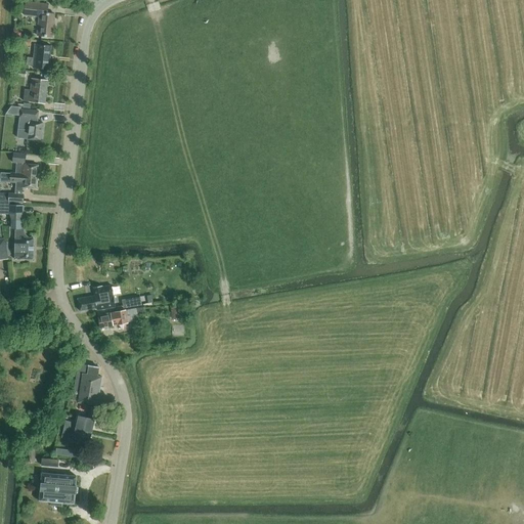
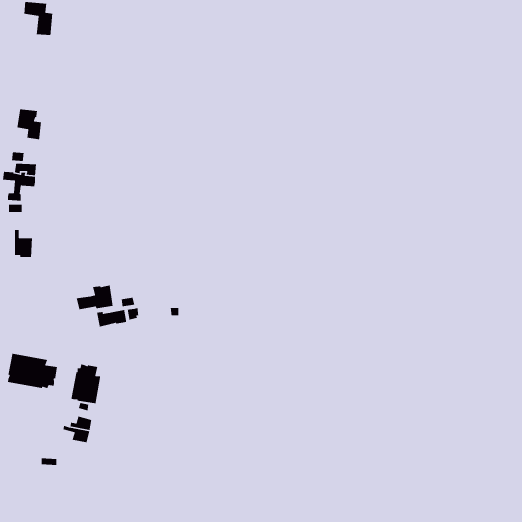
building: [32,43,50,69] -> none
building: [23,78,46,102] -> none
building: none -> [7,353,58,389]
building: [38,472,75,505] -> none

